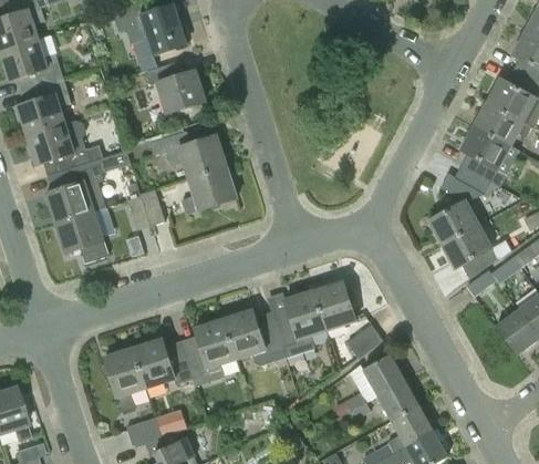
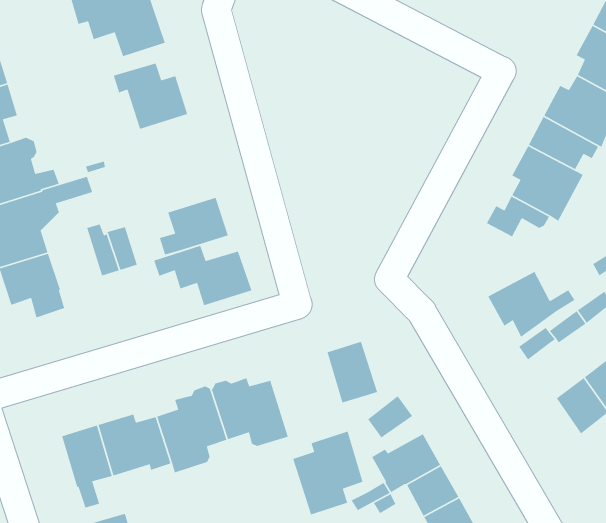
building: [148,131,227,179] -> [153,245,252,306]
building: [429,202,479,246] -> none
building: [270,290,326,358] -> [292,430,364,516]

